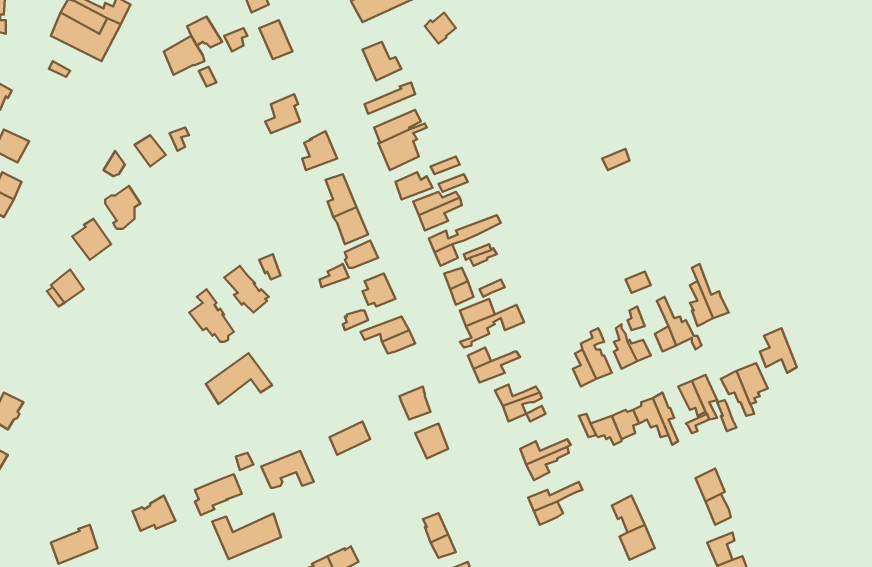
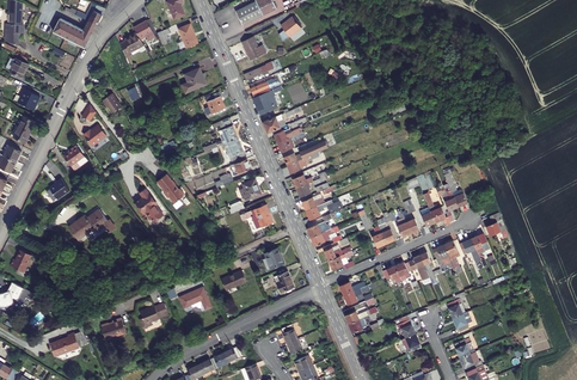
building: none -> [69,210,116,241]
building: [206,353,272,404] -> none
building: [212,514,281,559] -> none

